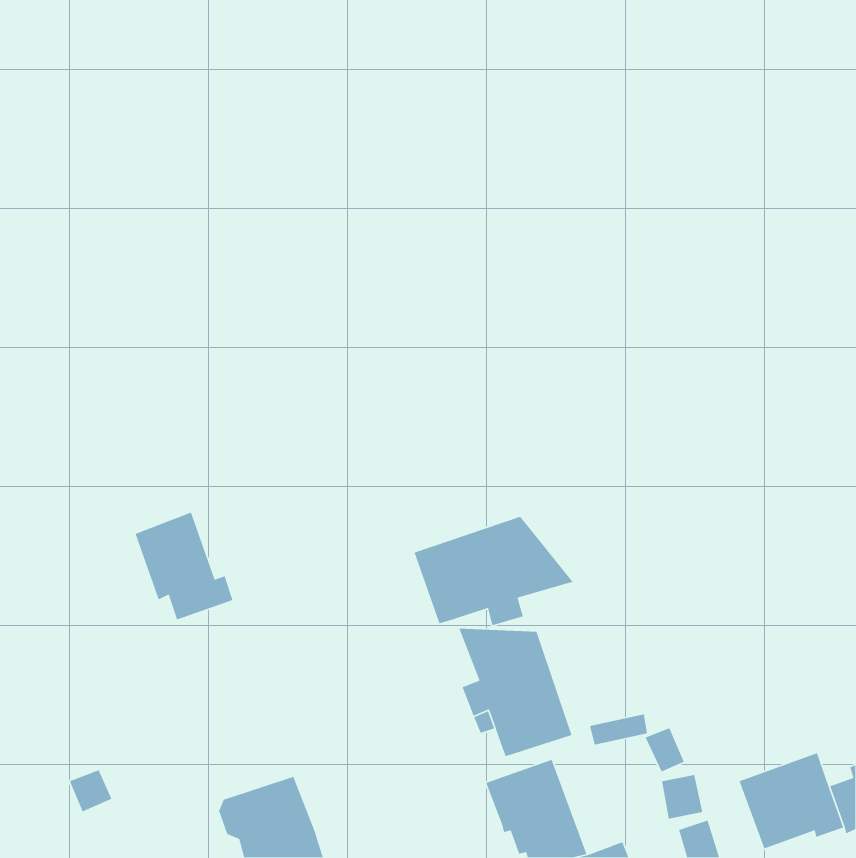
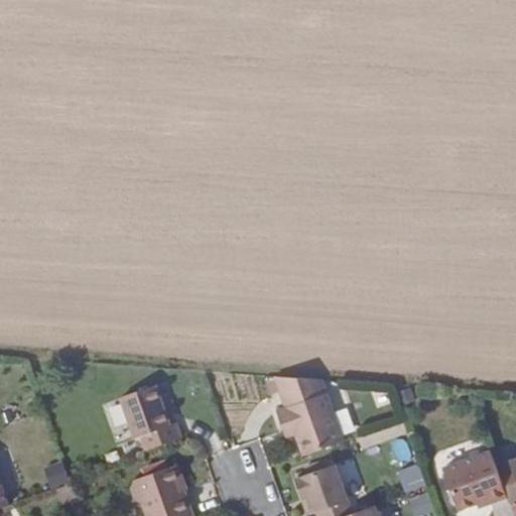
building: [135,512,234,621] -> [121,385,180,450]
building: [413,516,574,626] -> none

